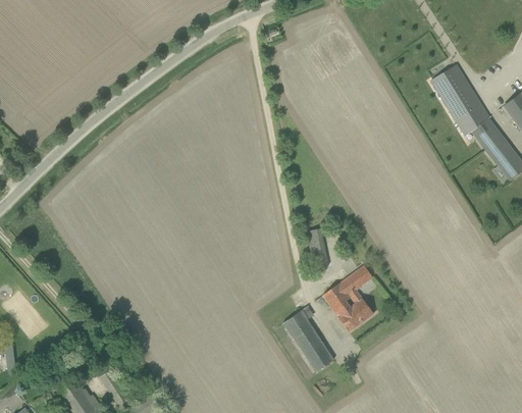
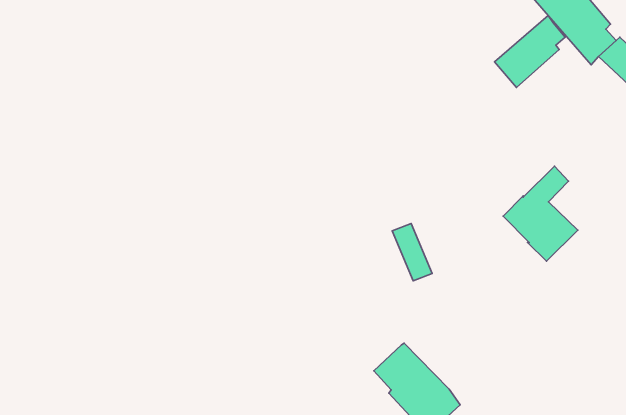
building: none -> [495,15,565,88]
building: [323,265,374,331] -> [503,166,578,261]

